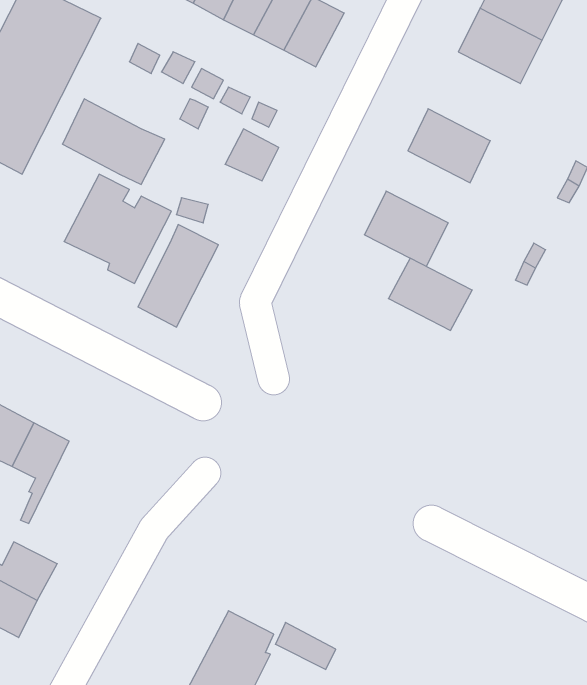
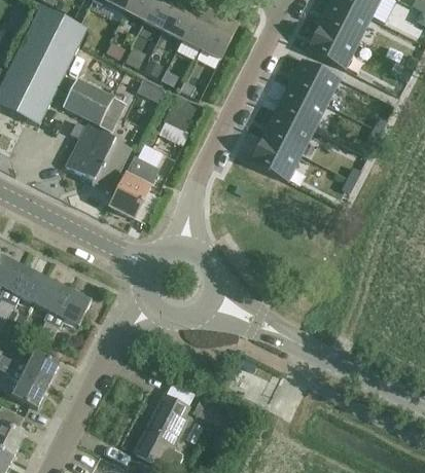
building: none -> [288,58,340,103]
building: [388,258,472,330] -> [262,109,314,153]
building: none -> [43,287,92,341]

